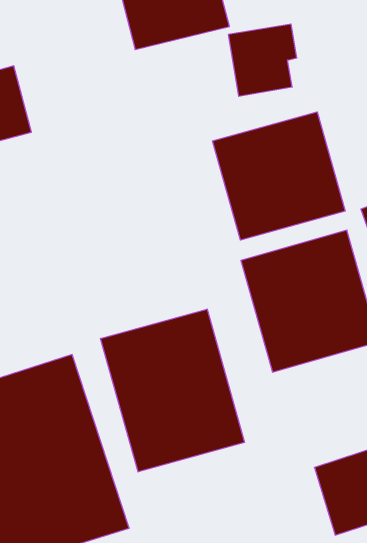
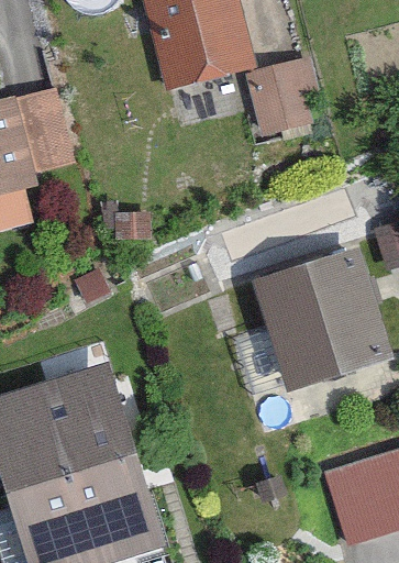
building: [212,112,345,240] -> none
building: [101,309,245,472] -> none

